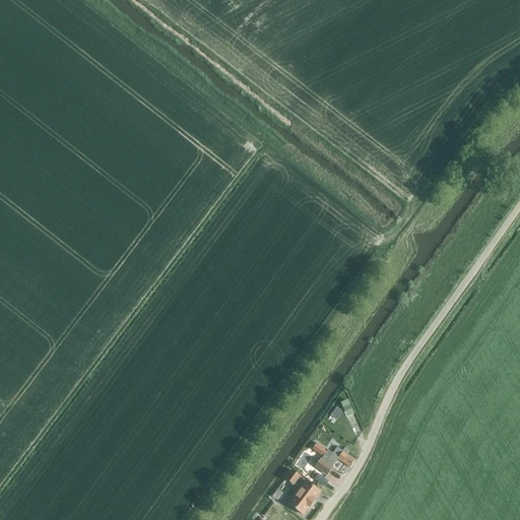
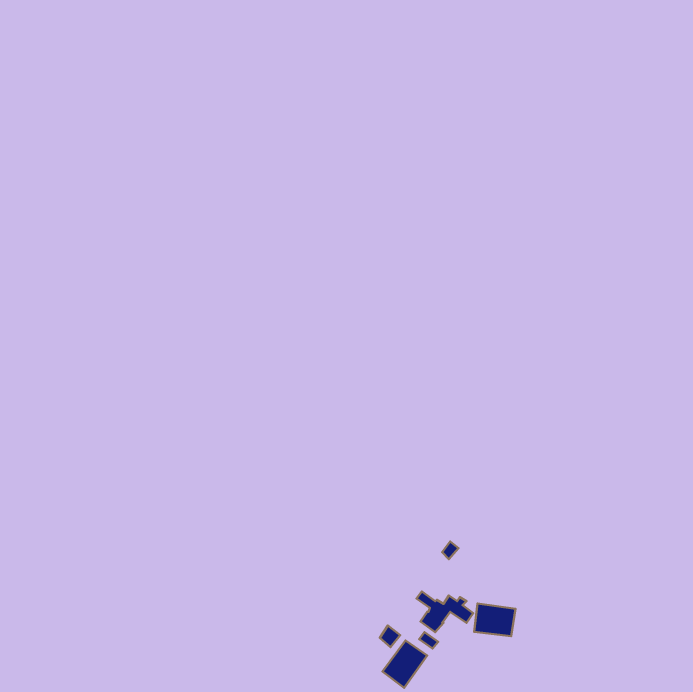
building: none -> [474,604,515,636]

